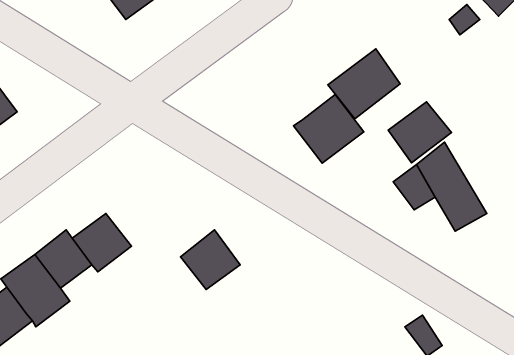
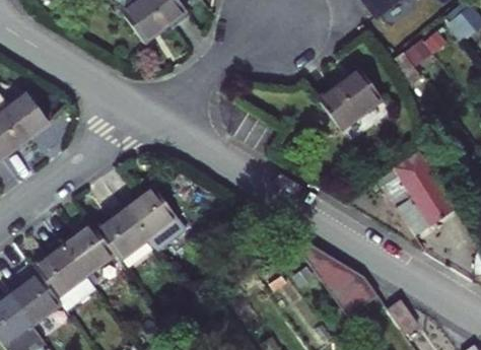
building: [294,94,364,163] -> none
building: [388,102,451,163] -> none
building: [180,230,240,289] -> [125,187,177,238]
building: none -> [293,238,376,317]

